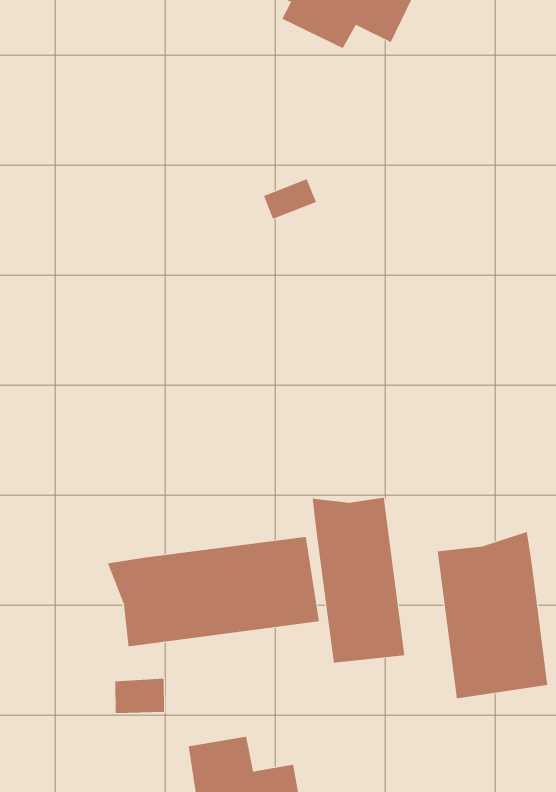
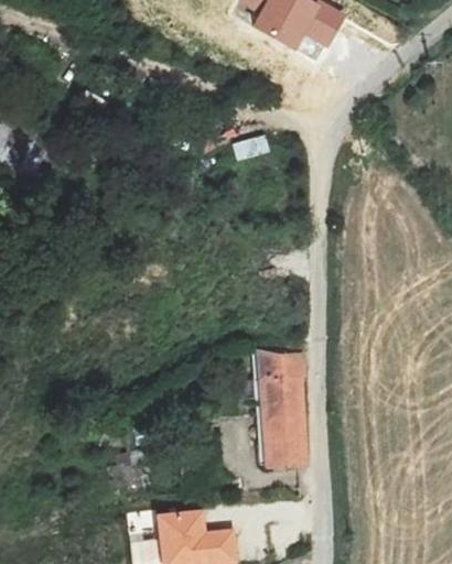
building: [437,531,548,699] -> none
building: [107,536,320,647] -> none

